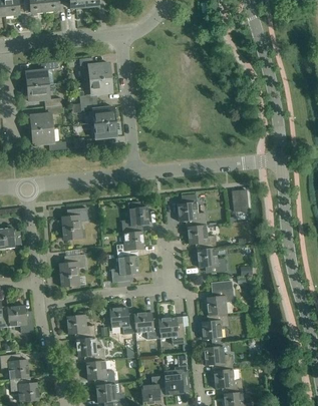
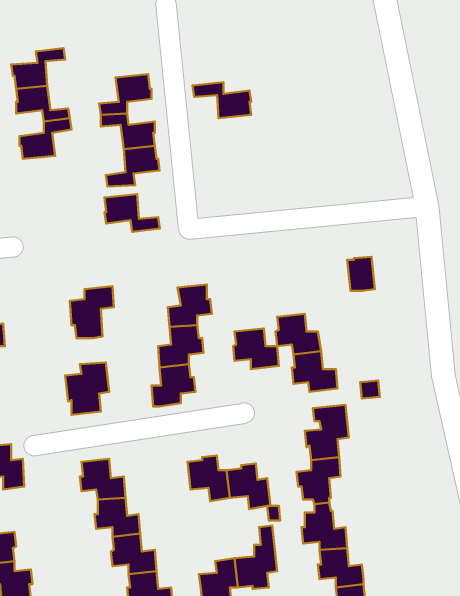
building: [73,56,109,78] -> [193,82,251,118]
building: [32,126,66,149] -> [104,194,160,232]
building: [178,200,206,226] -> [233,328,279,369]
building: [109,306,135,334] -> none

